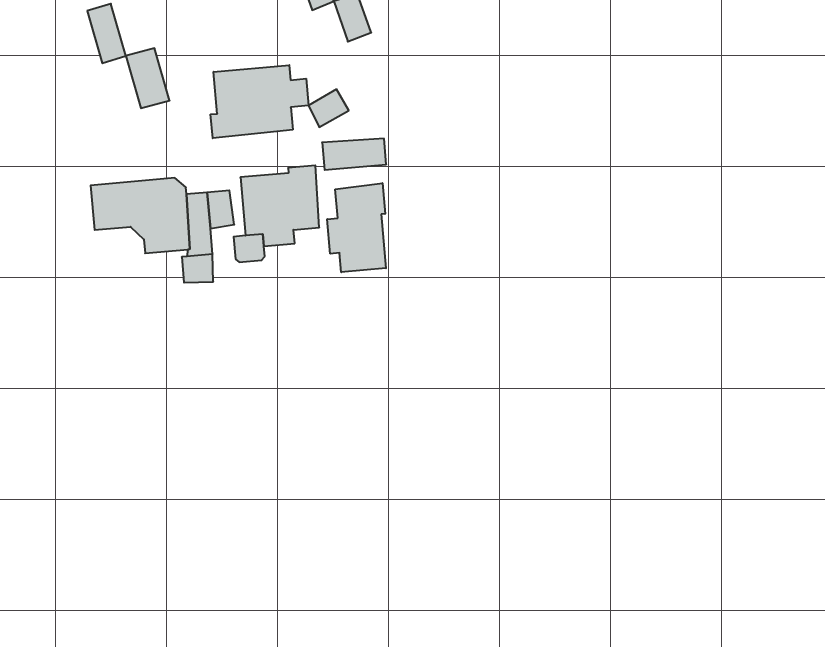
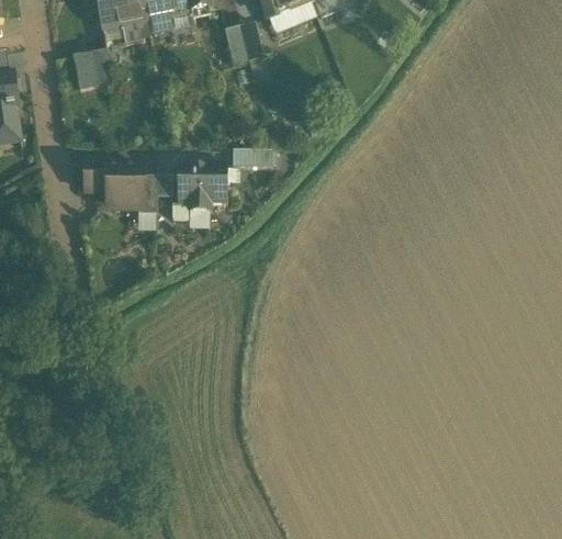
building: [126,48,170,108] -> [72,52,98,89]
building: [211,65,308,138] -> none
building: [327,183,386,272] -> none

